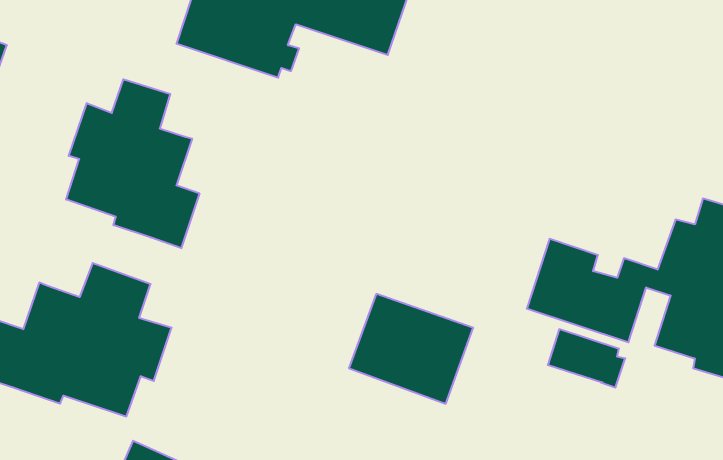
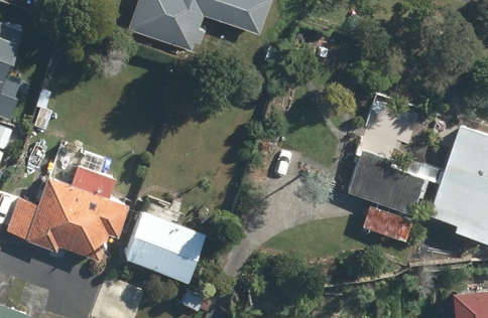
building: [66,79,199,248] -> none
building: [349,294,473,404] -> [127,214,205,283]

